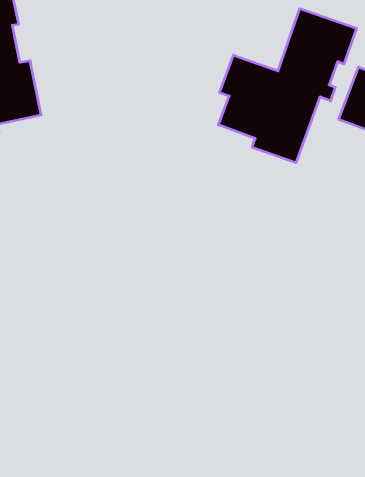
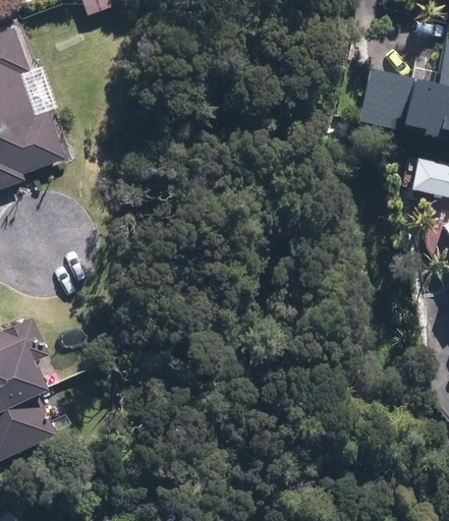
building: [218,9,356,163] -> none

